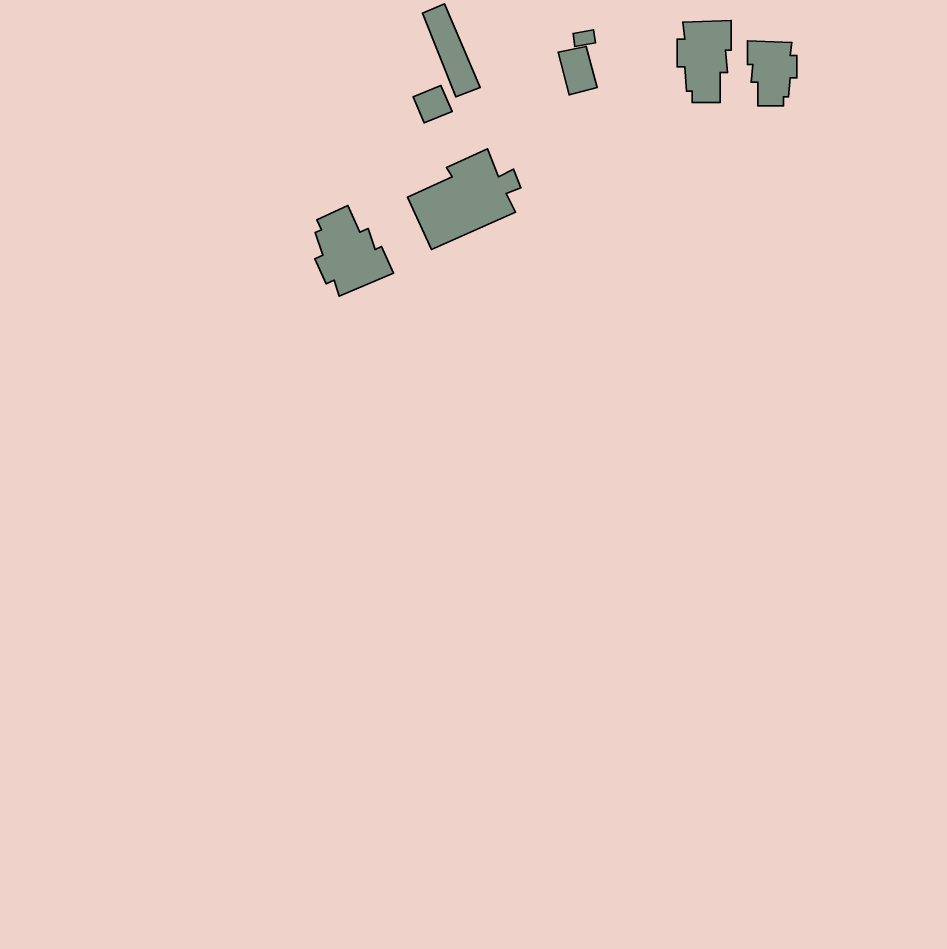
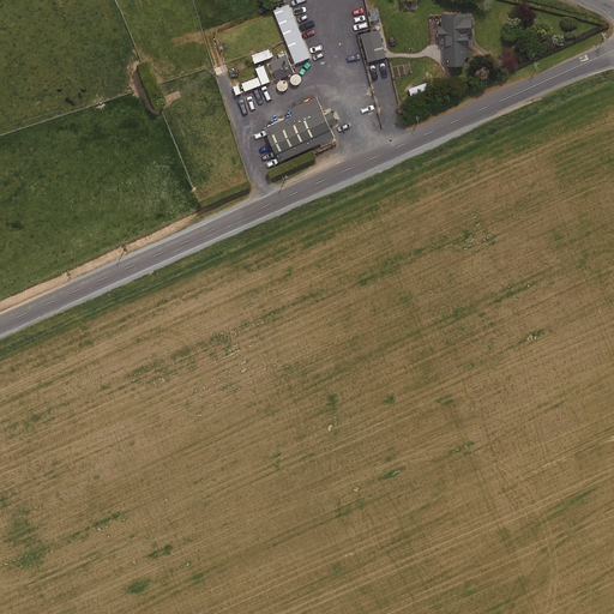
building: [748,41,797,106] -> none
building: [315,206,394,296] -> none

